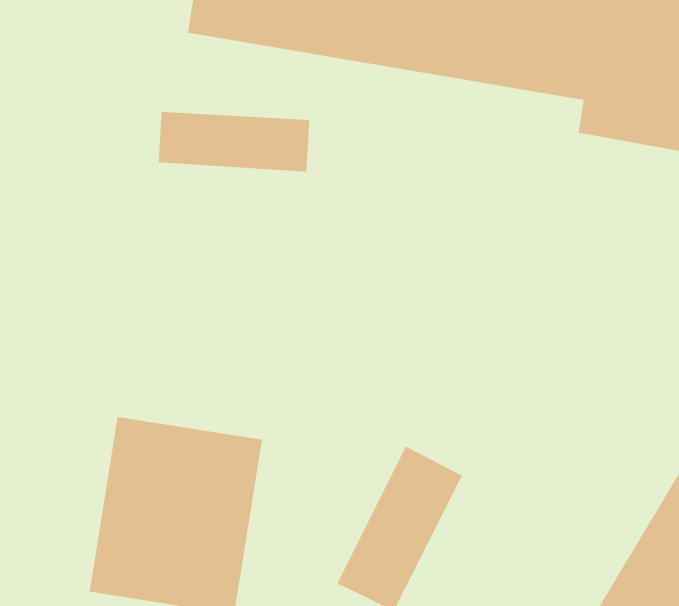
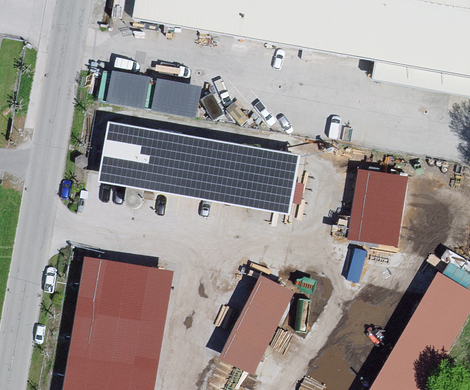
building: none -> [98,121,302,215]
building: none -> [348,168,409,244]

